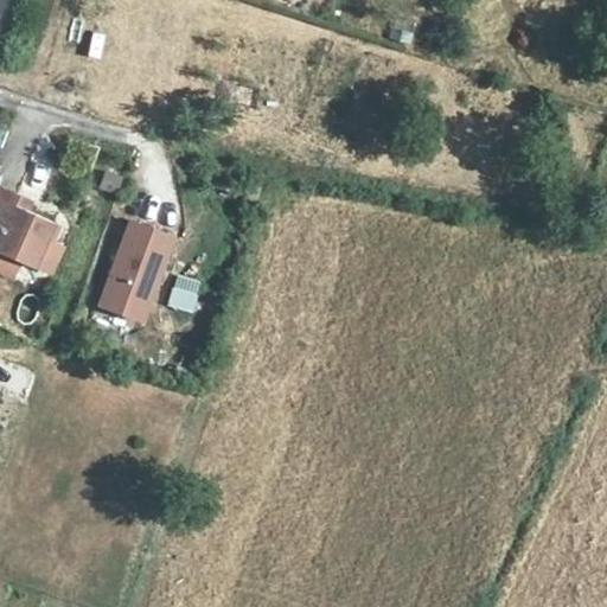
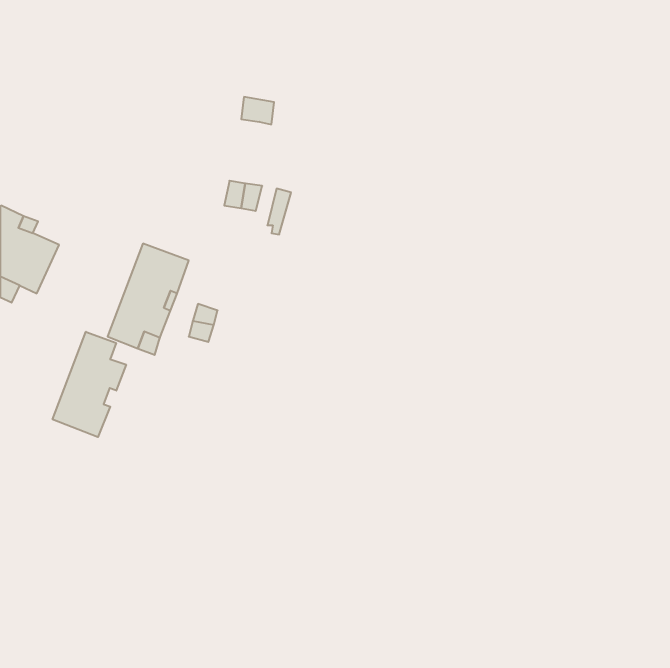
building: none -> [53,332,126,437]

